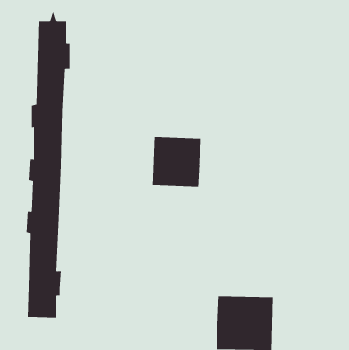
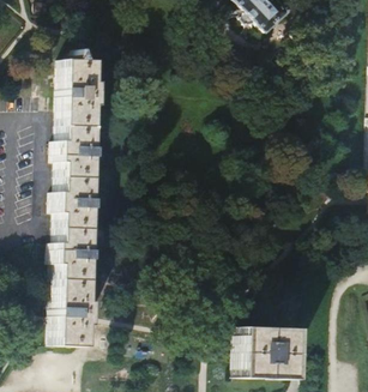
building: [152,136,201,187] -> none

